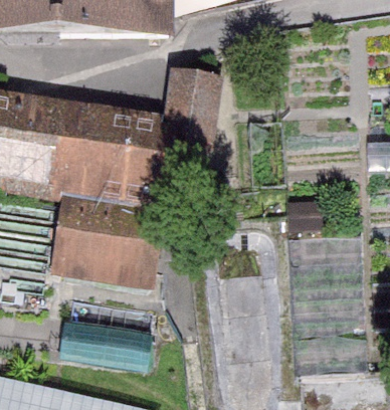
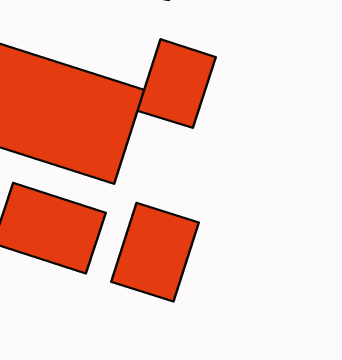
building: none -> [111,203,199,302]

